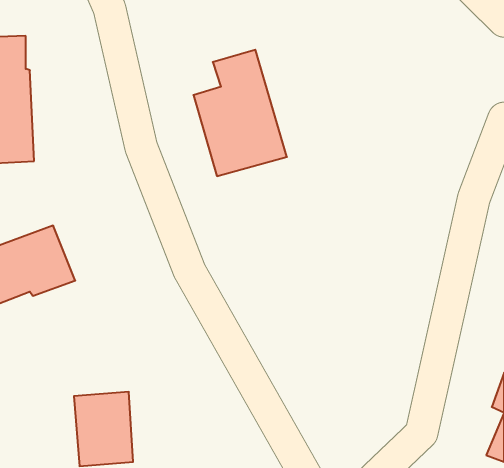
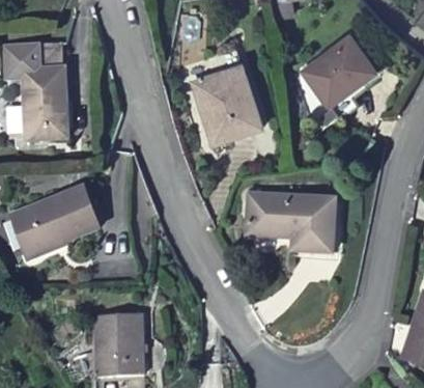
building: none -> [307,41,379,111]
building: none -> [236,199,332,258]

